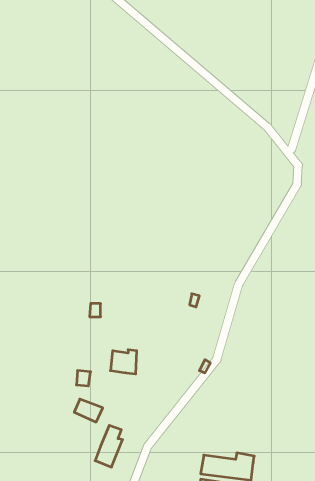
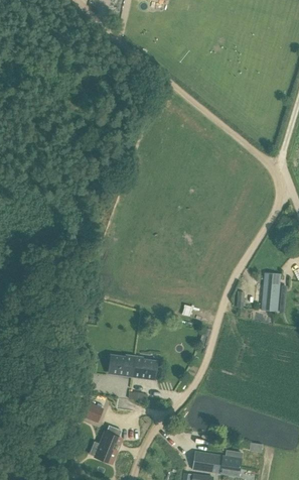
building: none -> [260,271,282,312]
building: none -> [133,356,157,378]

